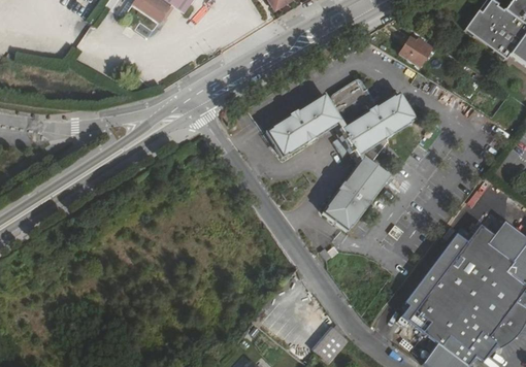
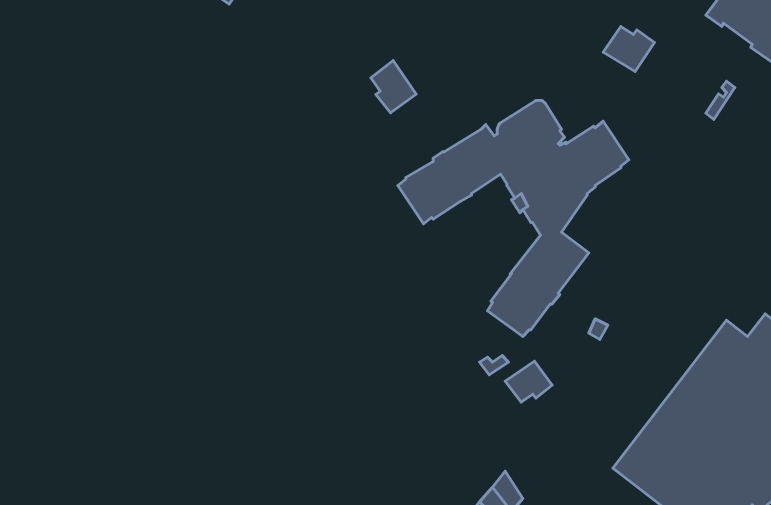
building: none -> [371,61,416,113]
building: none -> [505,361,552,402]

